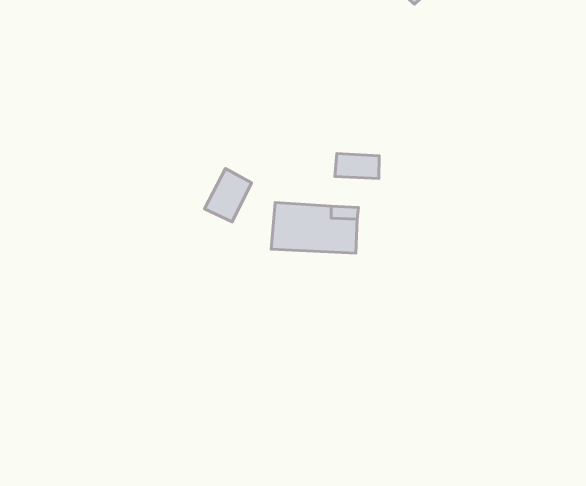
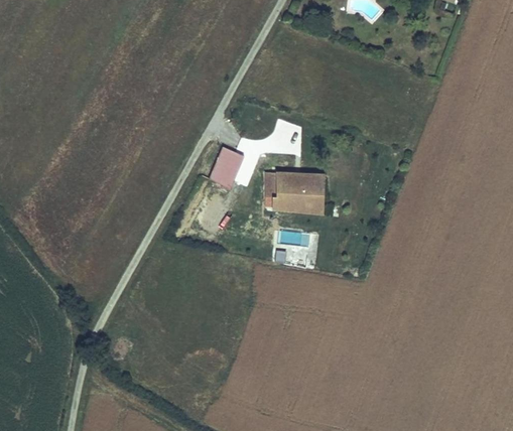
building: [335,154,379,179] -> none

